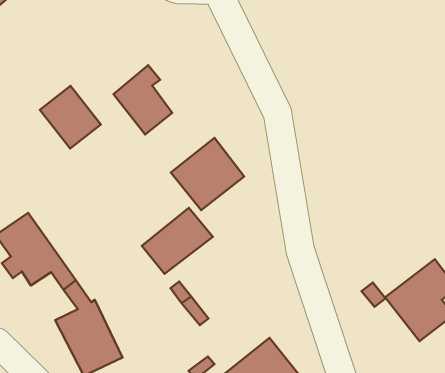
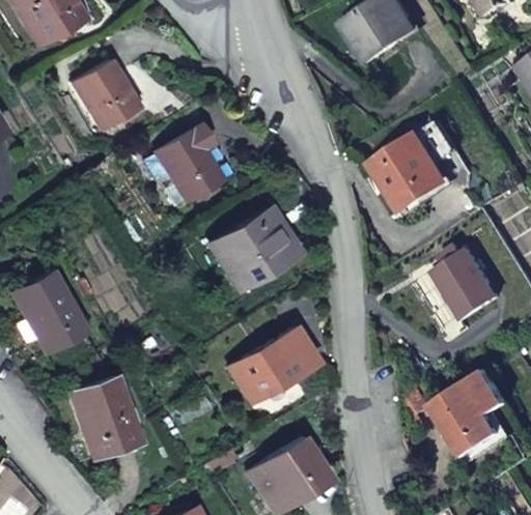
building: none -> [374,133,449,208]
building: [40,86,101,149] -> [73,61,138,130]
building: none -> [435,245,501,319]
building: [142,208,213,274] -> [229,333,308,402]

